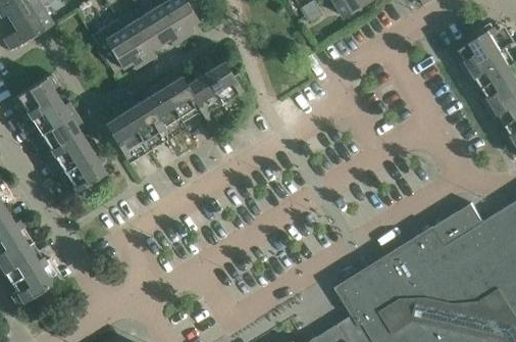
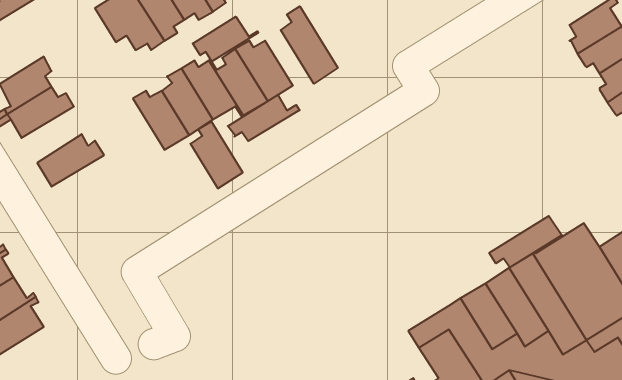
building: none -> [281,6,338,84]
building: none -> [193,17,258,62]
building: none -> [228,95,300,141]
building: [104,106,145,158] -> [190,121,243,188]
building: [34,112,81,156] -> none
building: [57,150,104,194] -> none
building: none -> [489,216,562,267]

